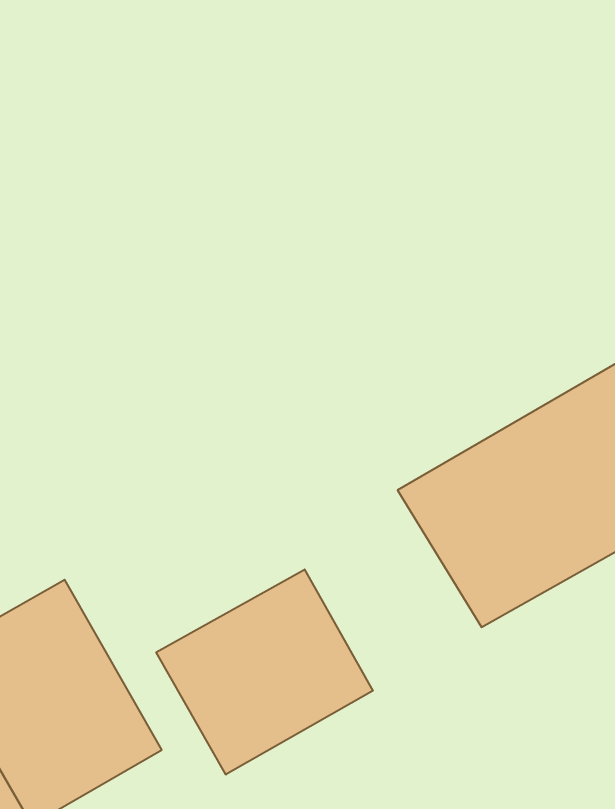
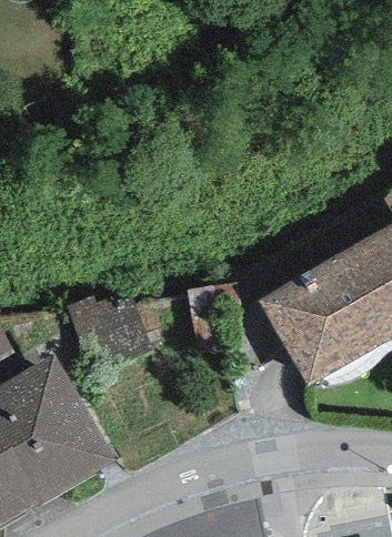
building: [156,569,373,775] -> none

